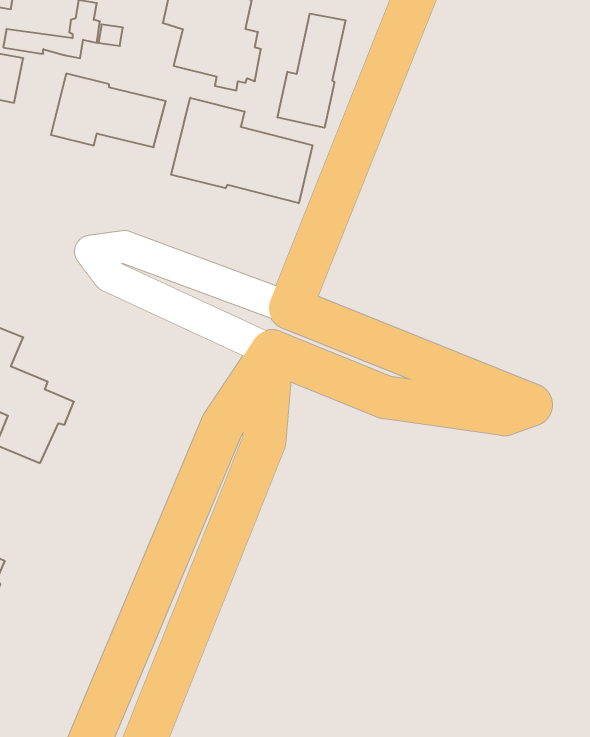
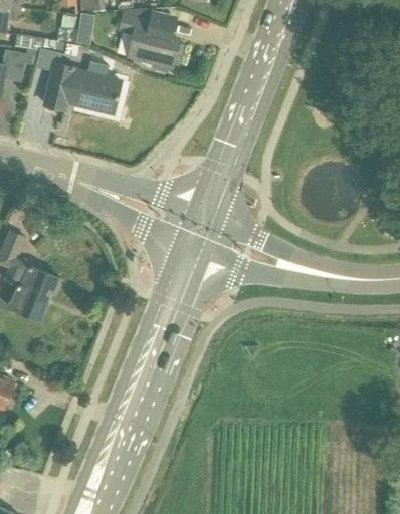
building: [278,14,346,128] -> none
building: [171,98,312,203] -> none

